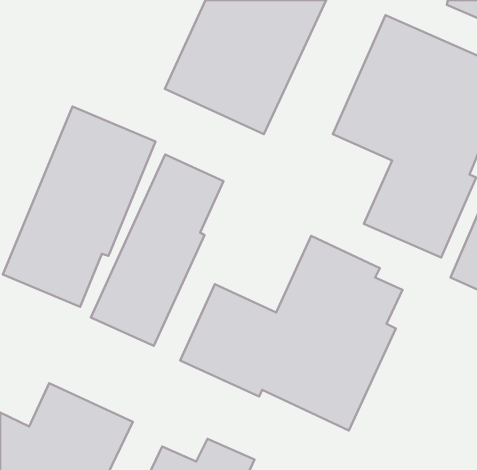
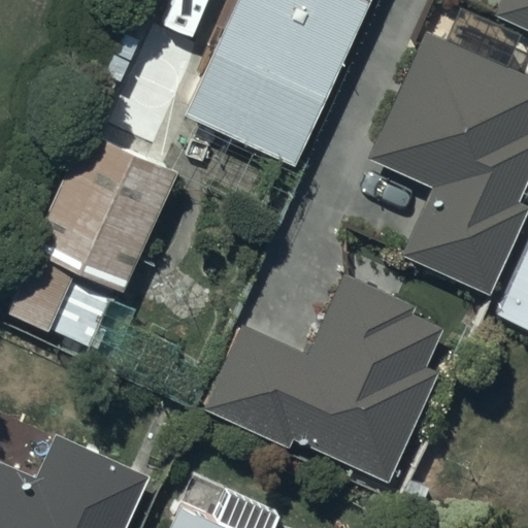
building: [91,154,224,346] -> none

